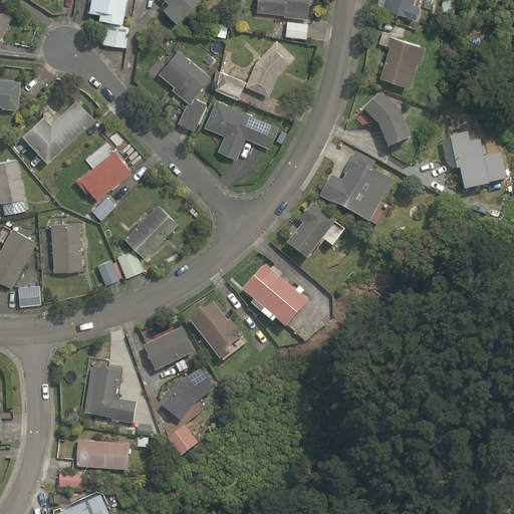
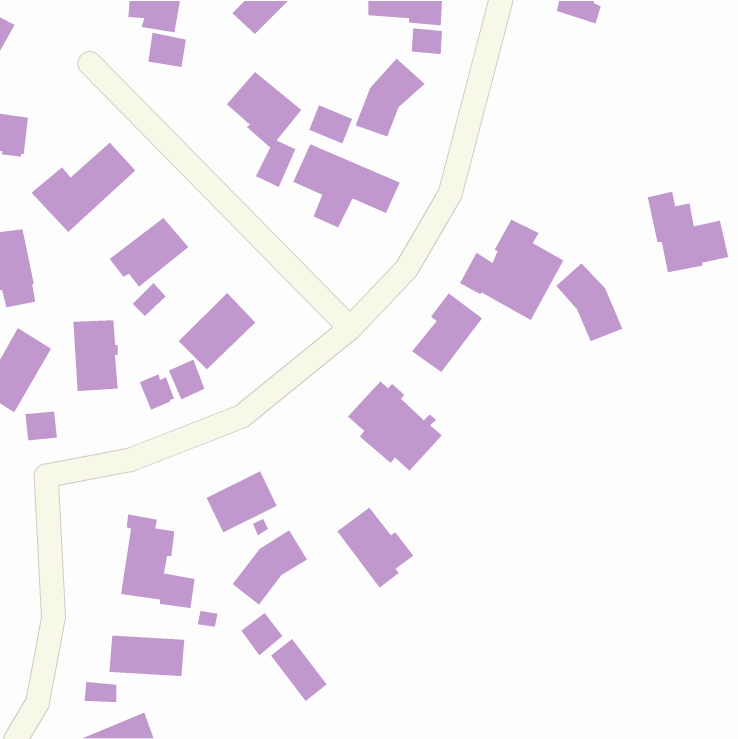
building: [378,38,425,84] -> none
building: [362,92,410,148] -> [556,263,624,342]
building: [189,301,243,358] -> [336,507,414,589]
building: none -> [270,638,328,702]

